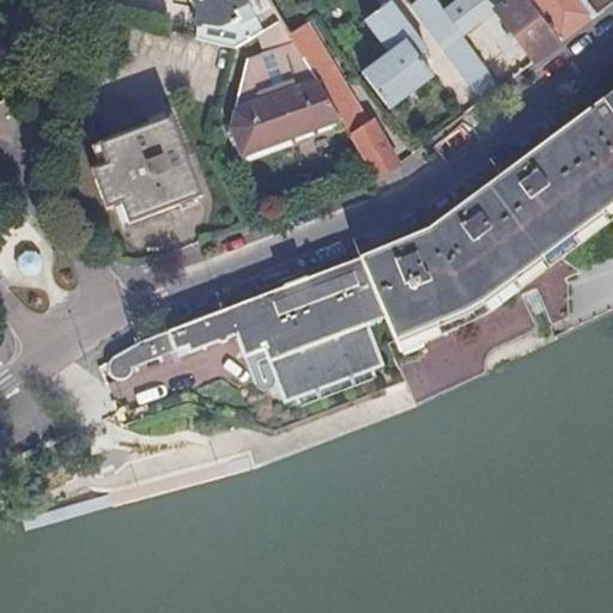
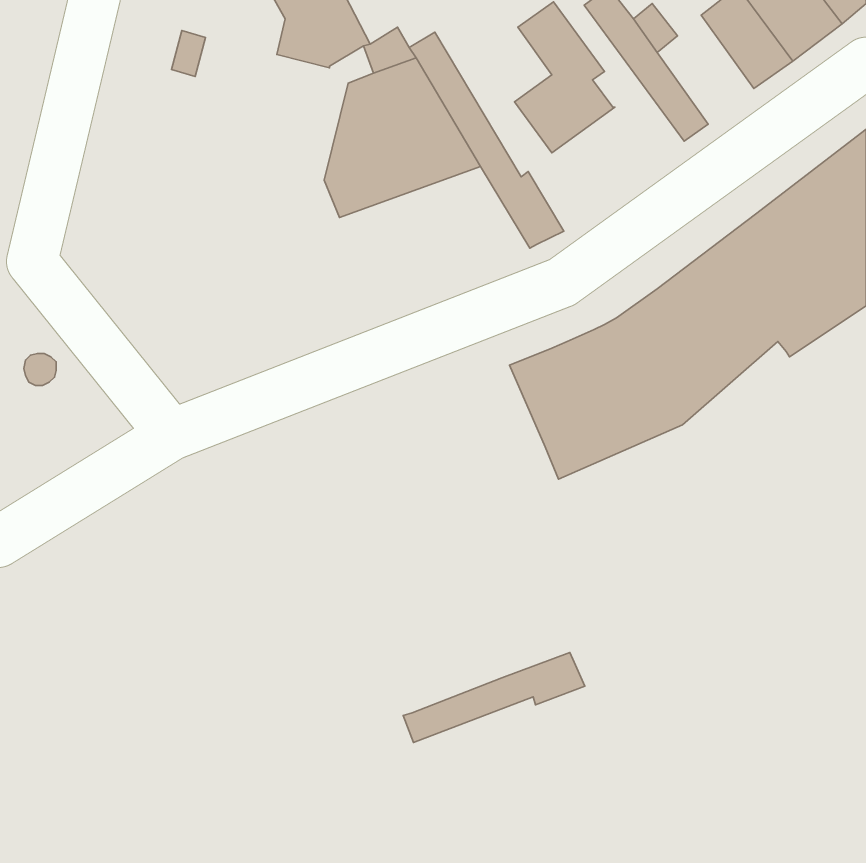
building: [91,115,201,221] -> none
building: [108,257,384,392] -> none
building: none -> [403,652,585,743]

